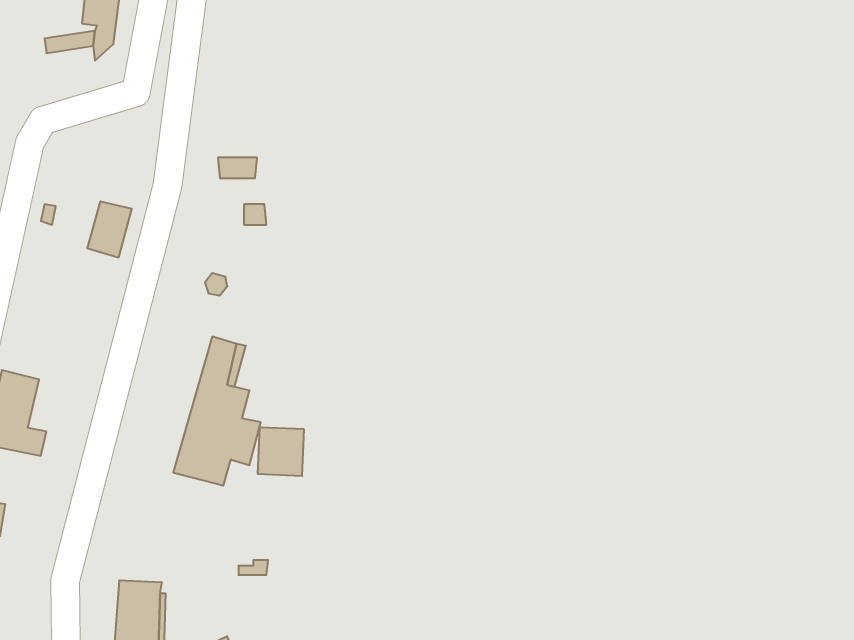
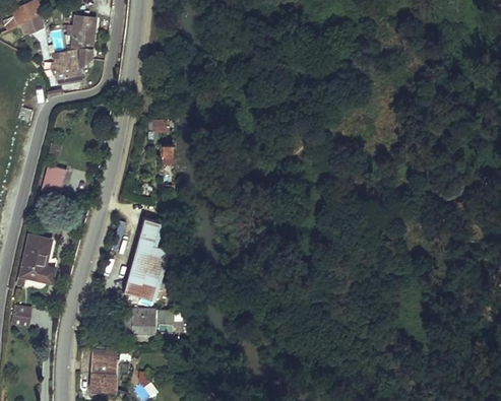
building: none -> [53,59,80,83]
building: [87,201,132,257] -> [41,165,65,196]
building: [258,427,304,476] -> [130,309,155,335]

